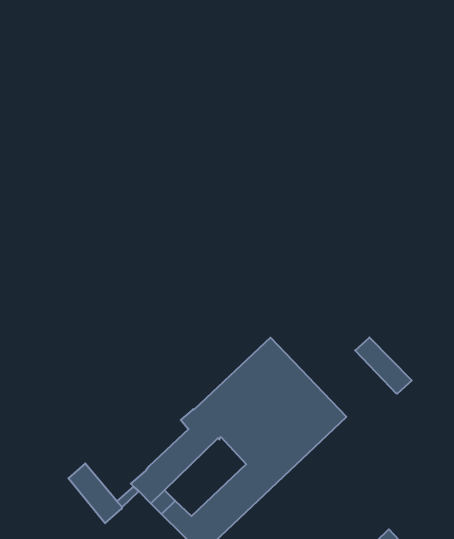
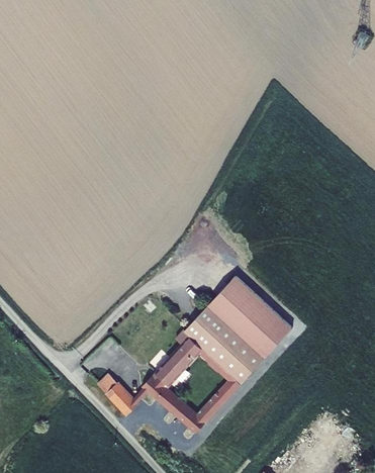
building: [355,337,412,394] -> none

